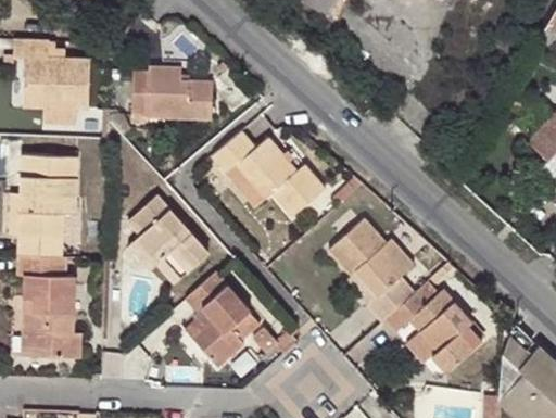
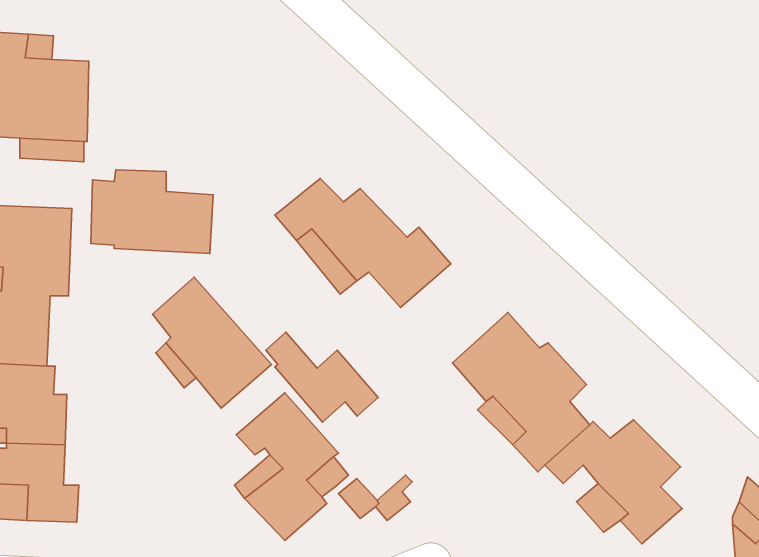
building: [132,65,212,119] -> [91,170,213,253]
building: none -> [266,332,378,422]

